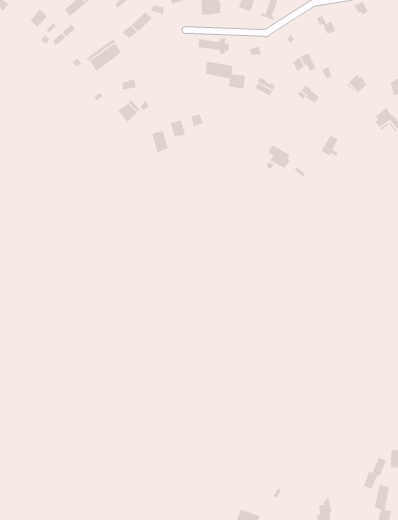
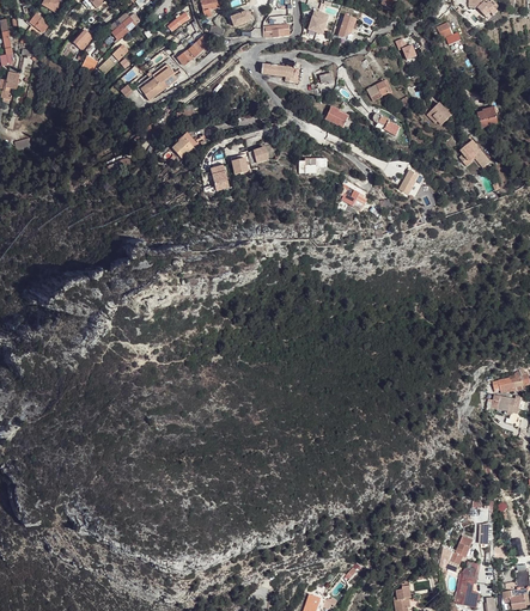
building: [205,61,246,89] -> none

